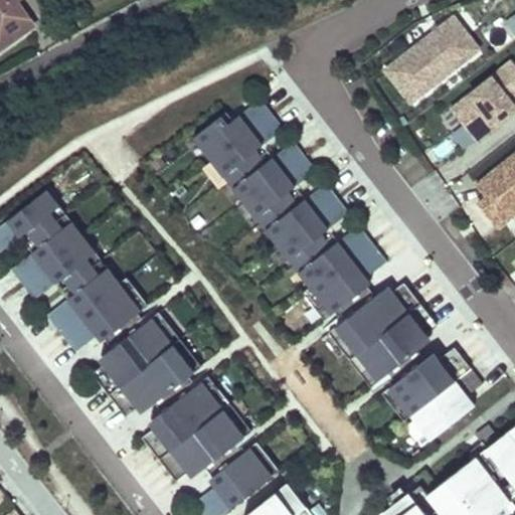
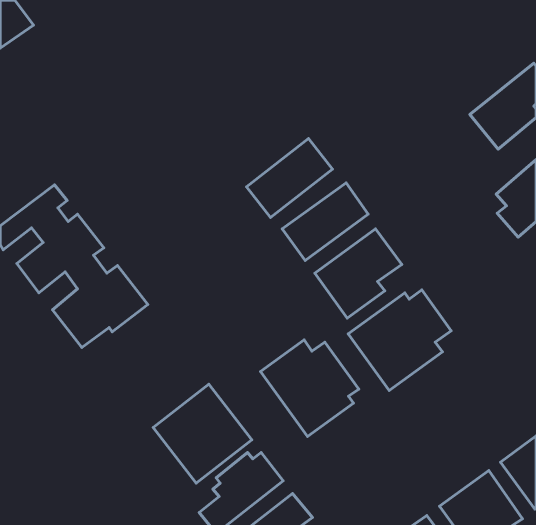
building: [387,29,481,113] -> none
building: [198,107,284,175] -> none
building: [92,316,187,413] -> none
building: none -> [260,340,359,437]
building: [384,350,481,444] -> none

